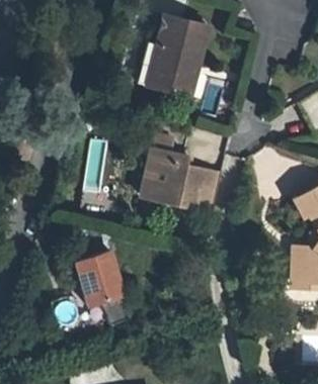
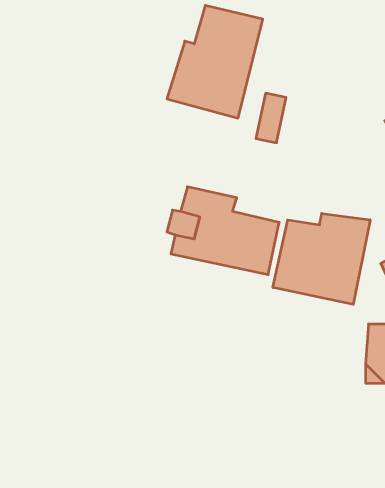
building: none -> [273,213,370,304]
building: [78,254,123,304] -> none

